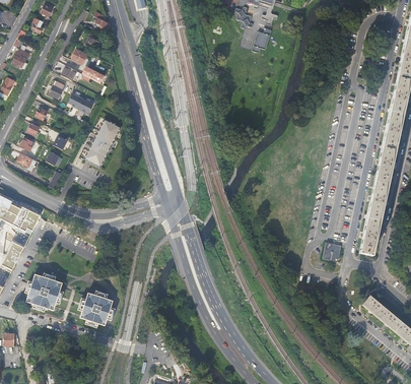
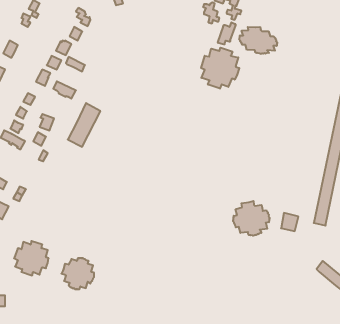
building: none -> [239,27,277,54]
building: none -> [201,48,239,89]
building: none -> [233,201,269,236]

